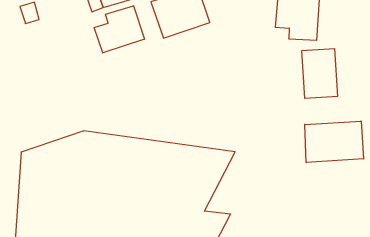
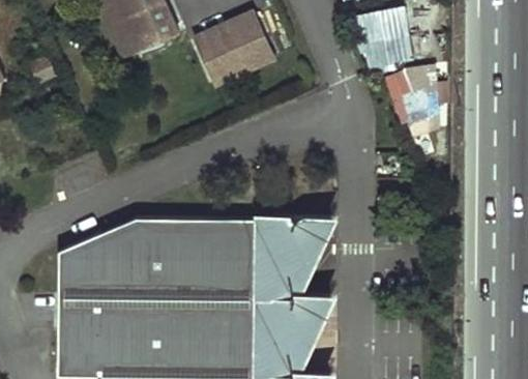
building: [94,6,144,53] -> none
building: [305,121,364,163] -> none

